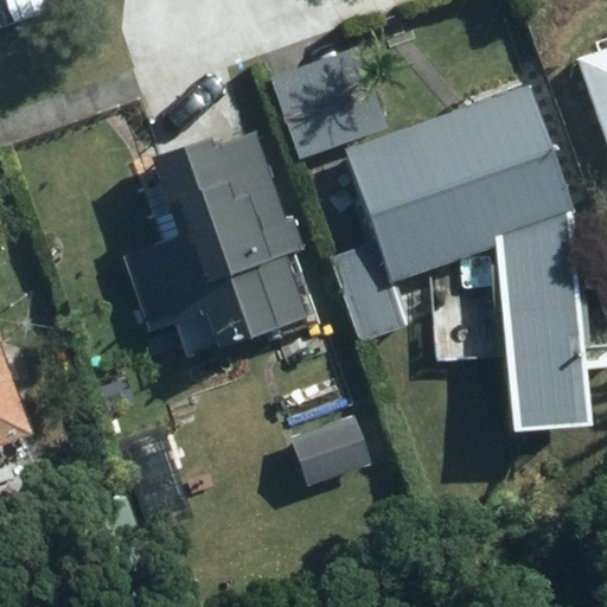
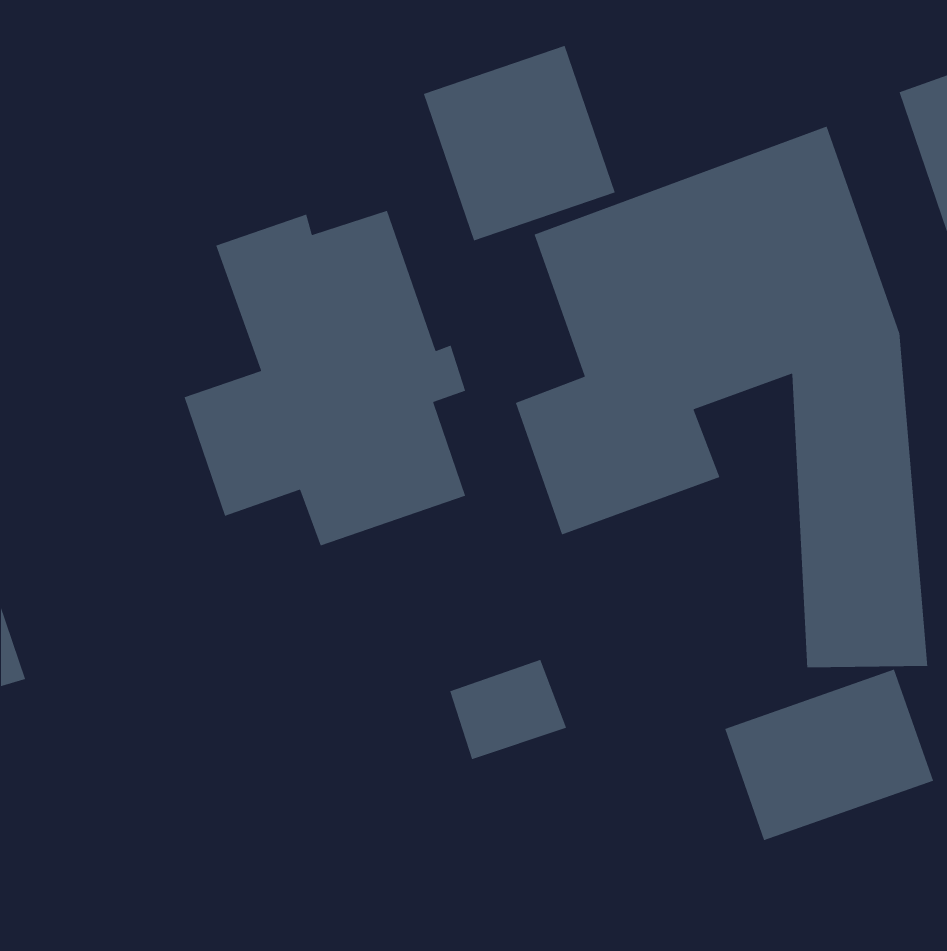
building: none -> [724,669,934,841]

